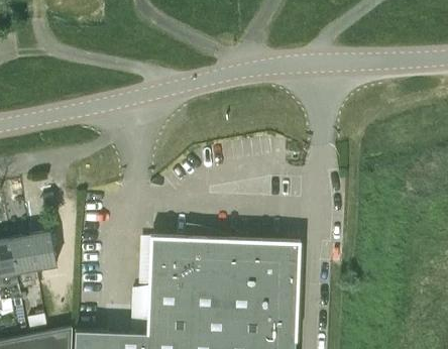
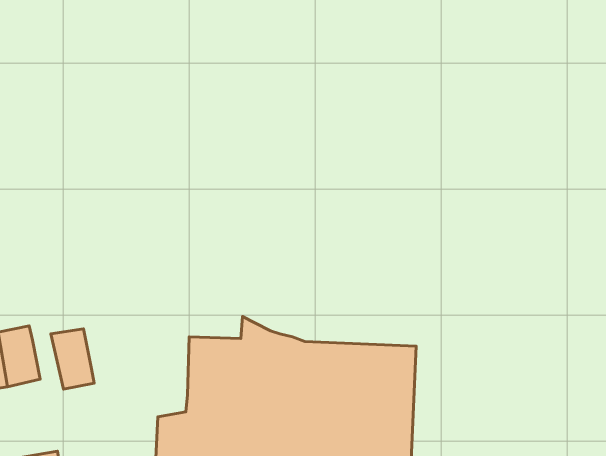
building: none -> [51,329,94,389]

